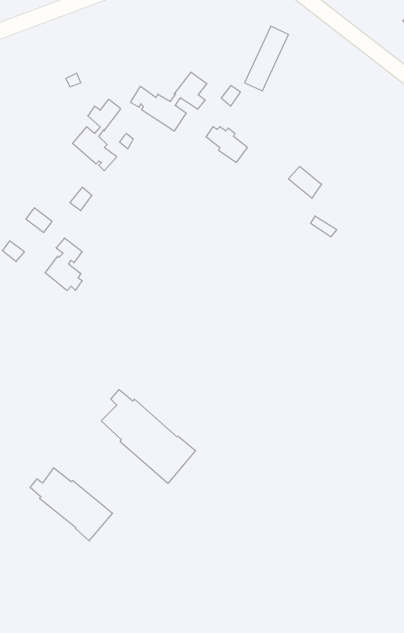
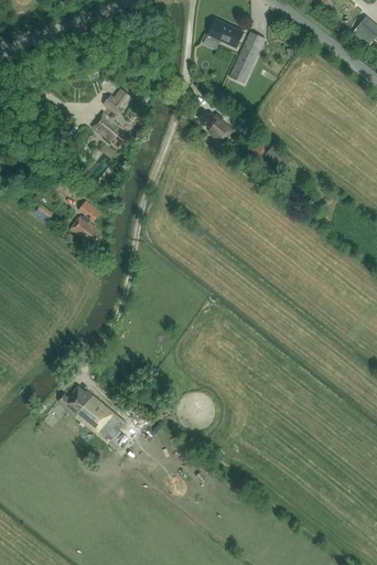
building: none -> [207,19,243,47]
building: [131,72,207,131] -> none
building: [101,390,196,483] -> none

